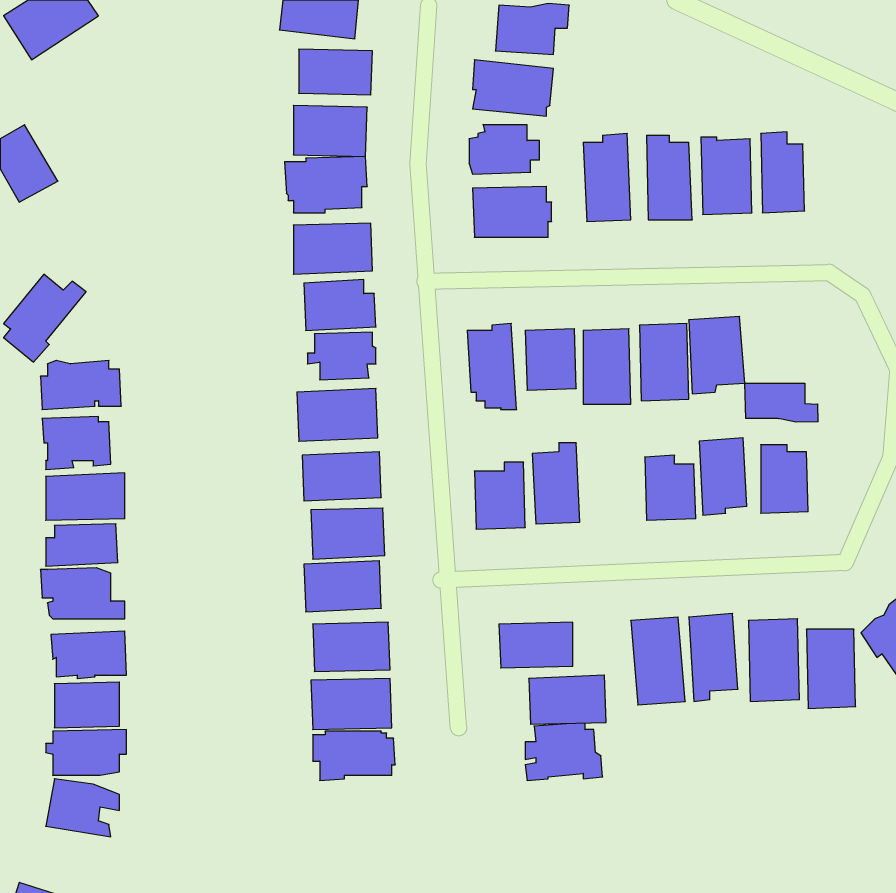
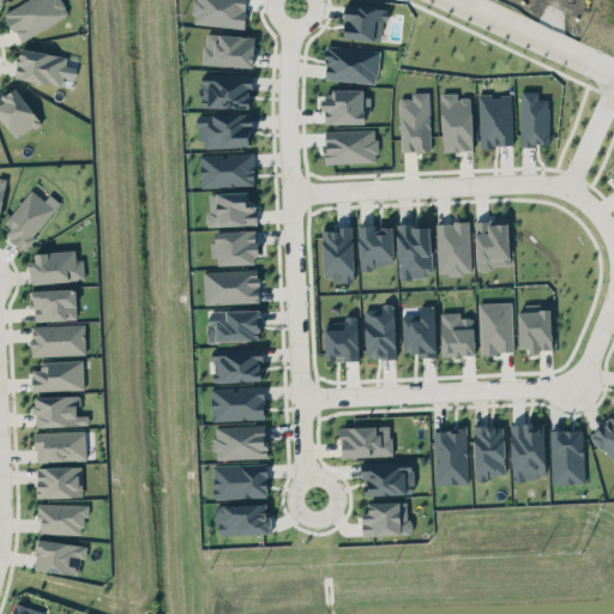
building: none -> [13,46,77,89]
building: [745,383,818,422] -> none
building: none -> [403,308,438,360]

